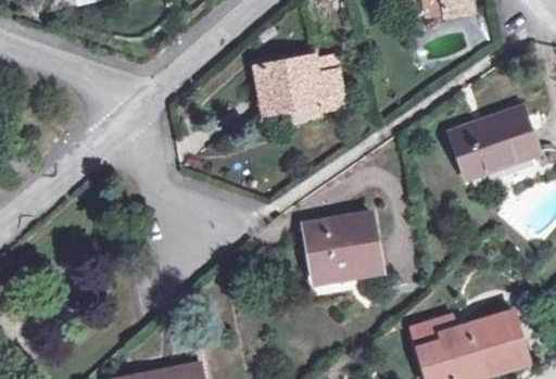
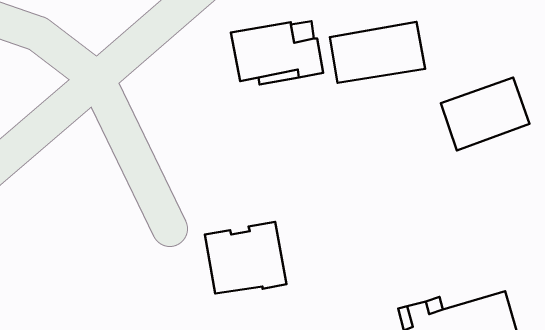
building: none -> [330,22,425,83]
building: [303,211,380,278] -> [205,222,287,294]

